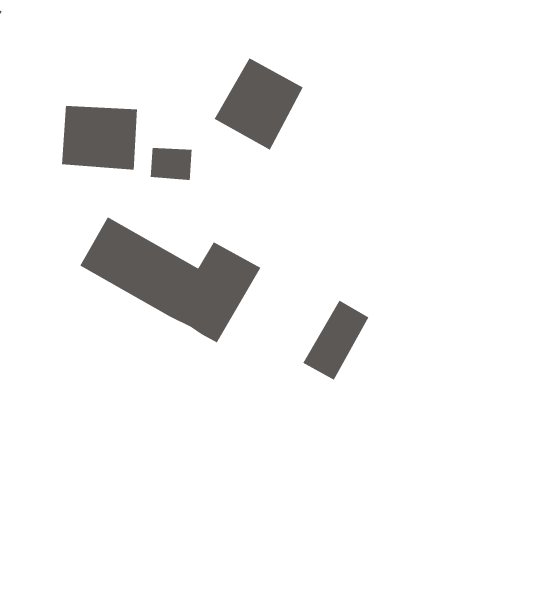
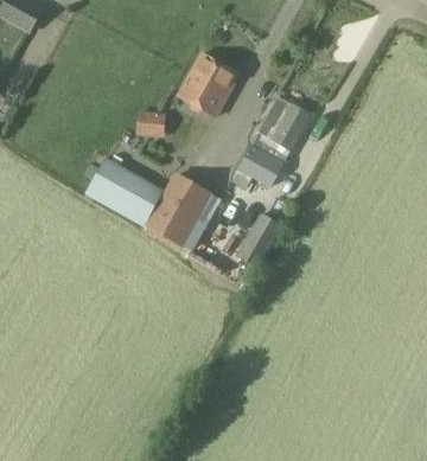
building: [61,105,138,171] -> none
building: none -> [230,96,310,187]

